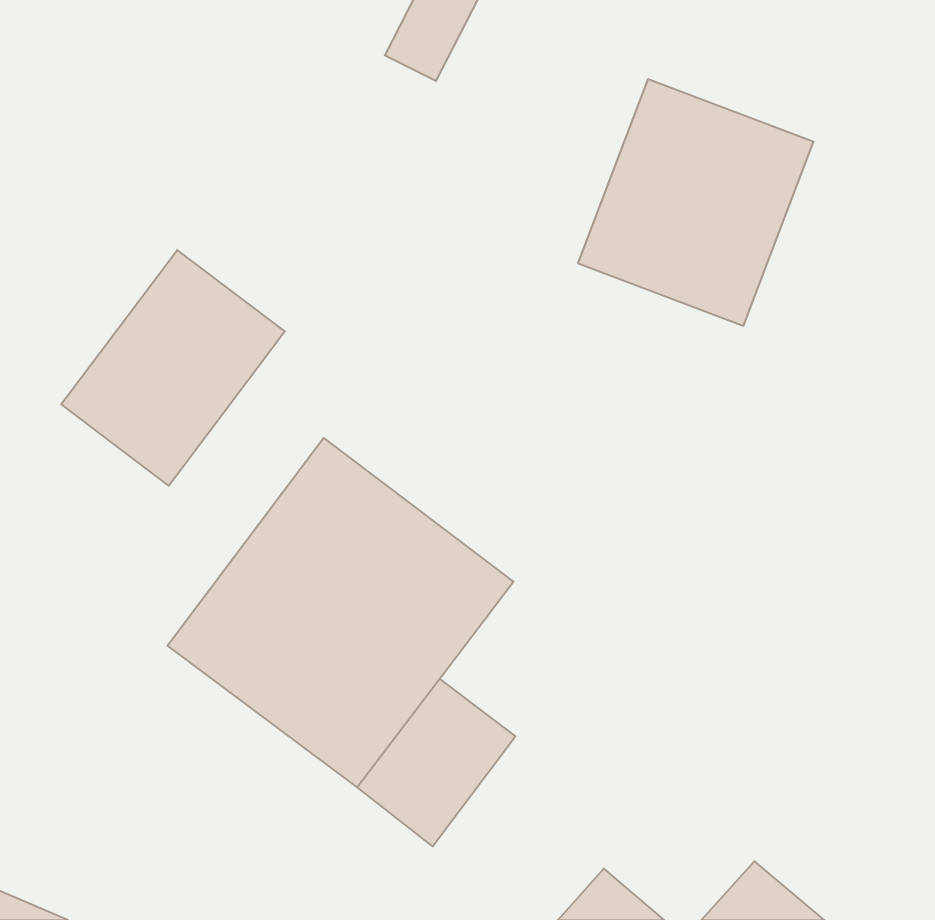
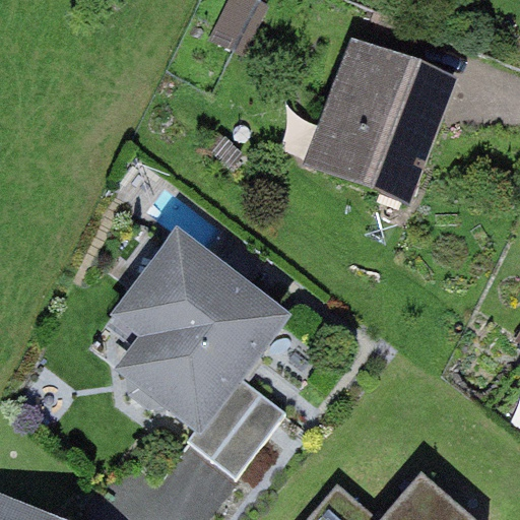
building: [61,250,285,486] -> none

